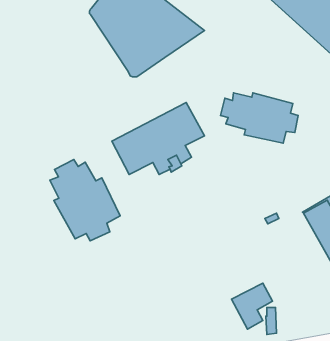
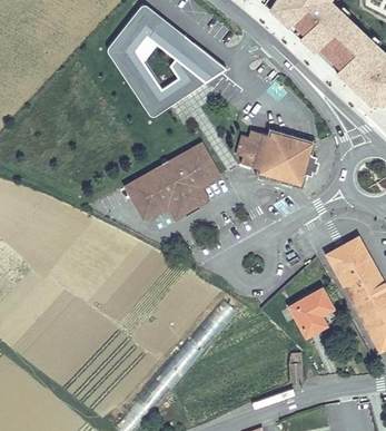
building: [50,159,120,241] -> none
building: [231,283,272,329] -> [289,290,331,337]

